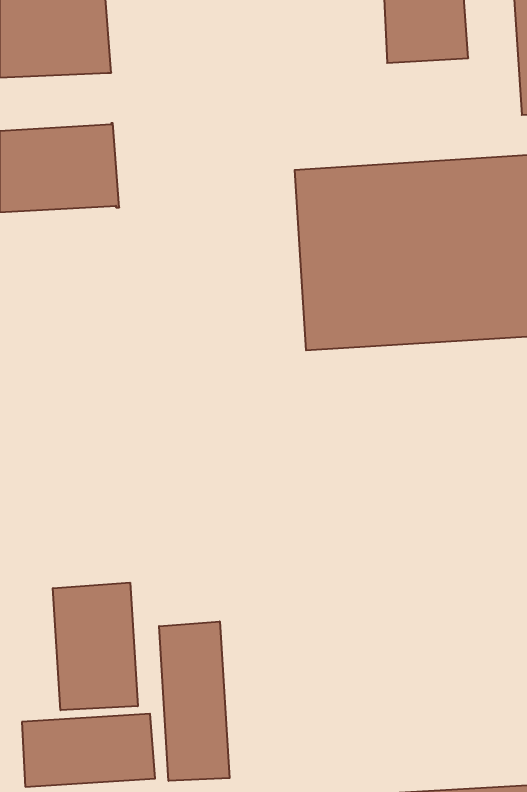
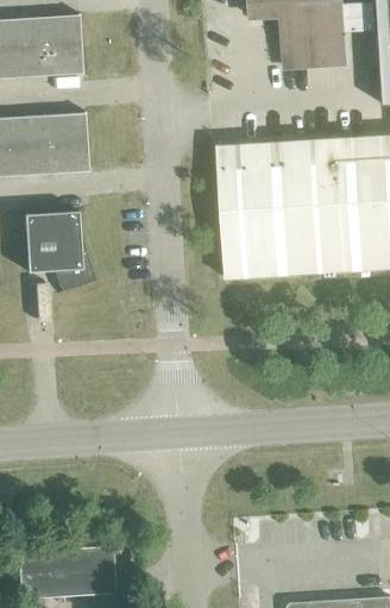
building: none -> [23,212,94,292]
building: [53,583,138,710] -> none
building: [159,621,230,781] -> none

